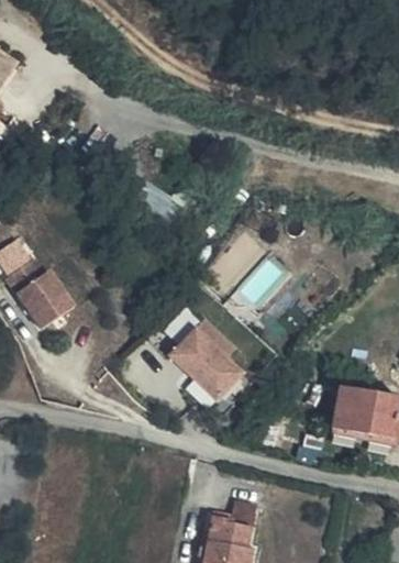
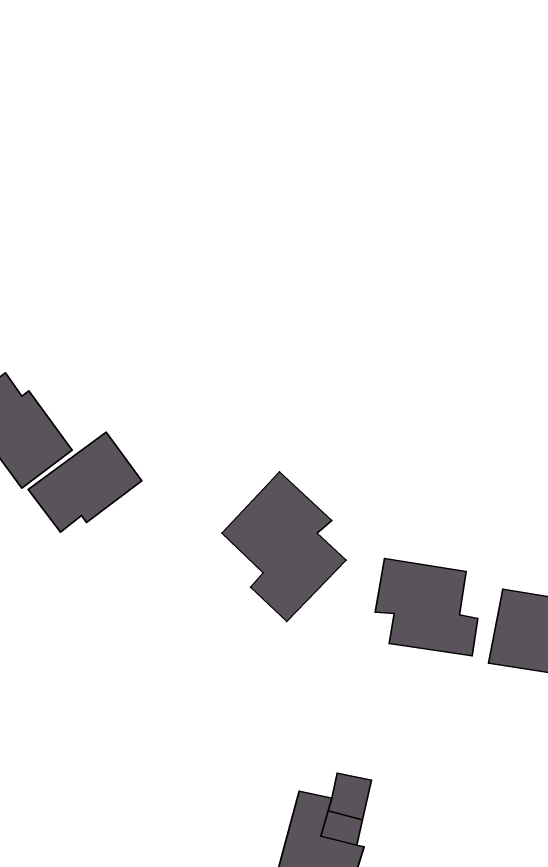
building: none -> [28,432,142,532]
building: none -> [375,558,478,656]

